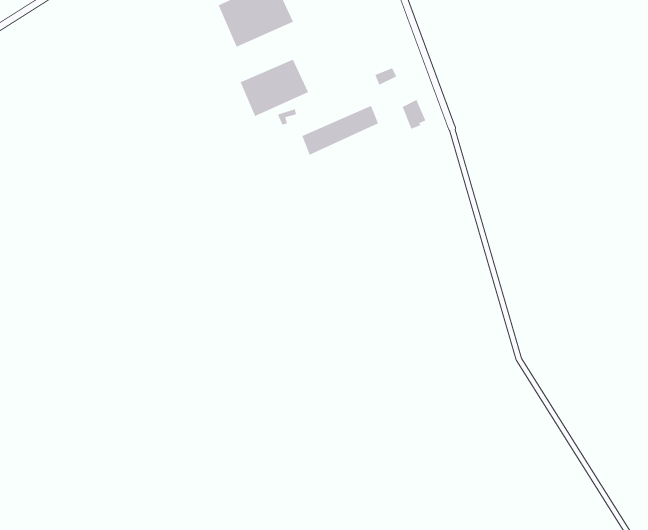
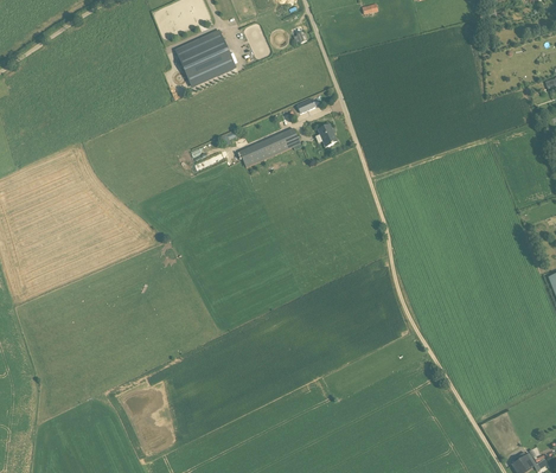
building: [240,59,309,117] -> none

